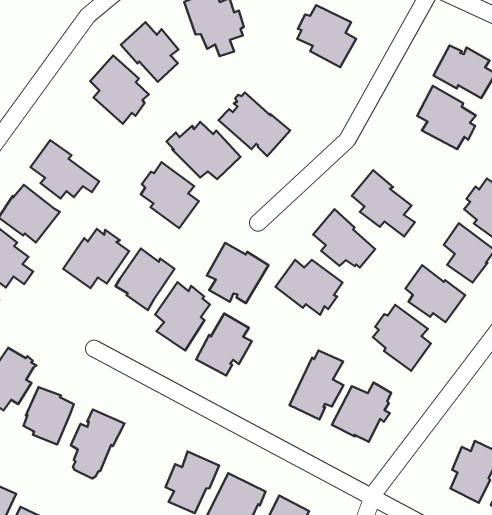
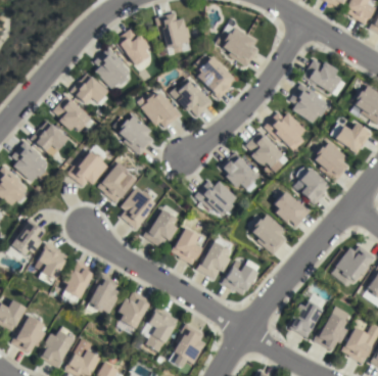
building: none -> [197,56,236,99]
building: none -> [69,73,108,106]
building: none -> [264,112,304,151]
building: [207,243,268,303] -> none
building: none -> [172,228,201,265]
building: none -> [88,273,121,315]

